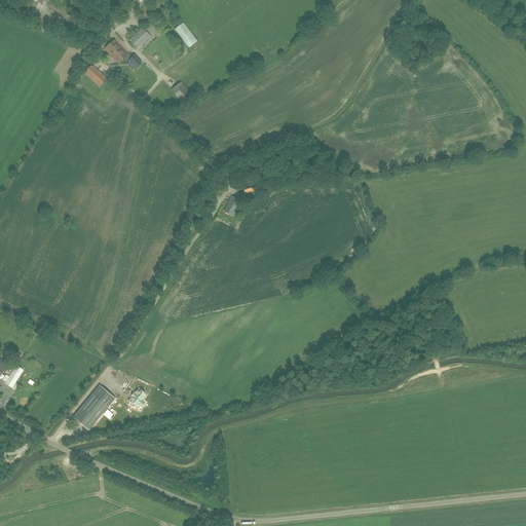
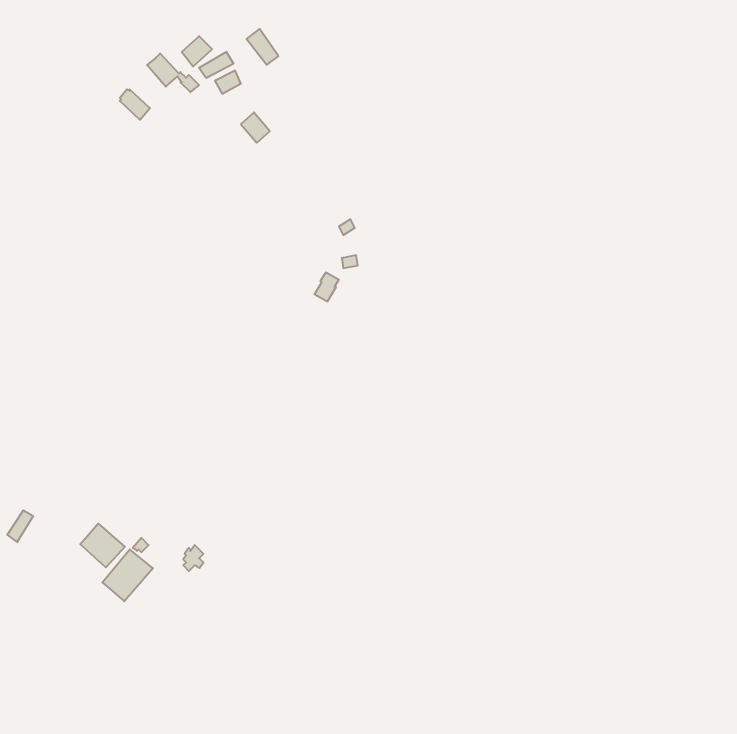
building: none -> [80,524,125,567]

